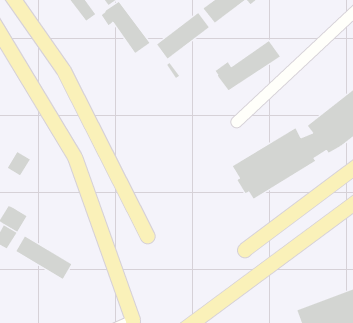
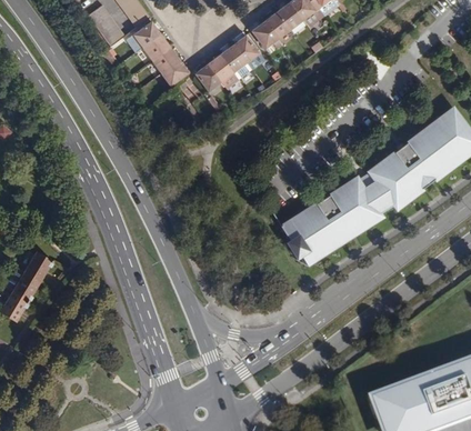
building: [215,40,281,91] -> none
building: [7,151,31,176] -> [24,251,53,281]
building: [15,235,72,280] -> none

